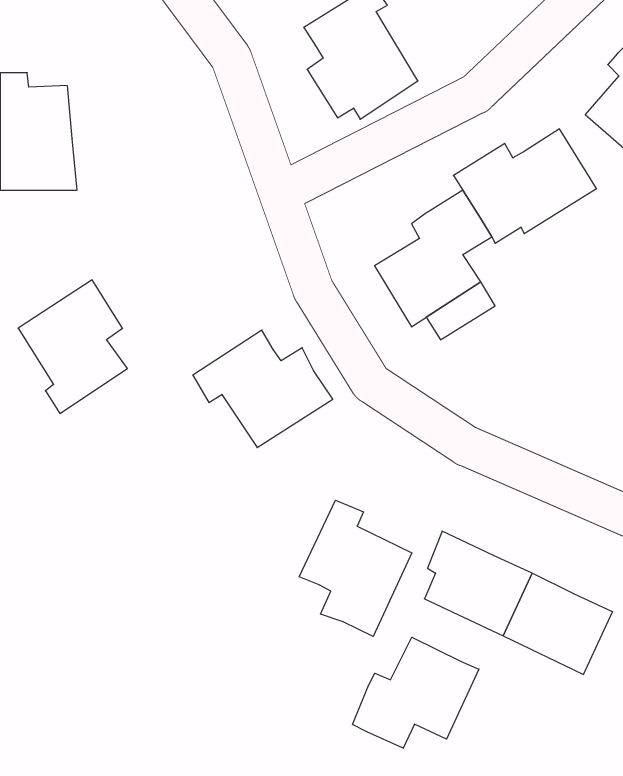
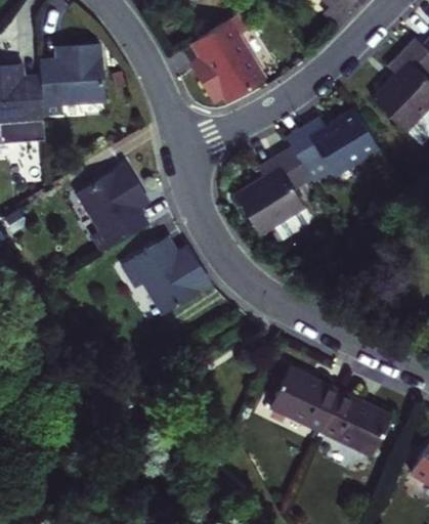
building: none -> [41,49,103,116]
building: [18,280,127,413] -> [80,166,149,251]
building: [299,500,412,636] -> none
building: [353,637,479,748] -> none

